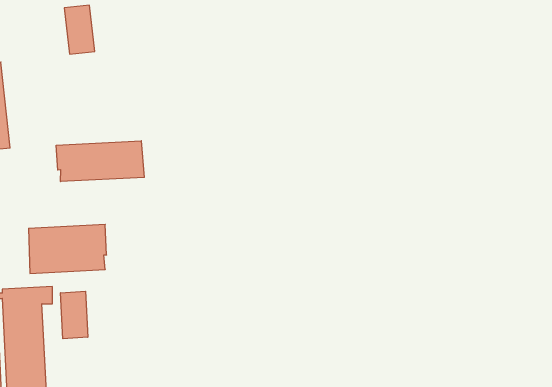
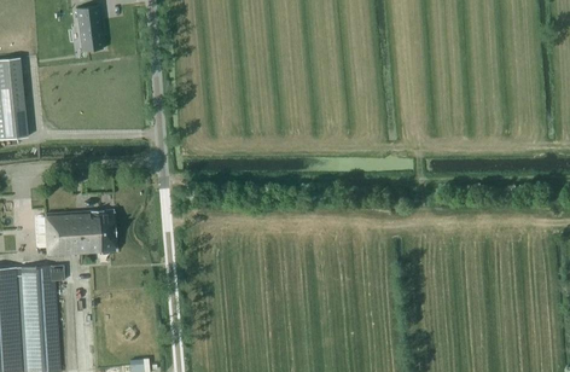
building: [56,141,144,182] -> none
building: [61,291,88,339] -> none

